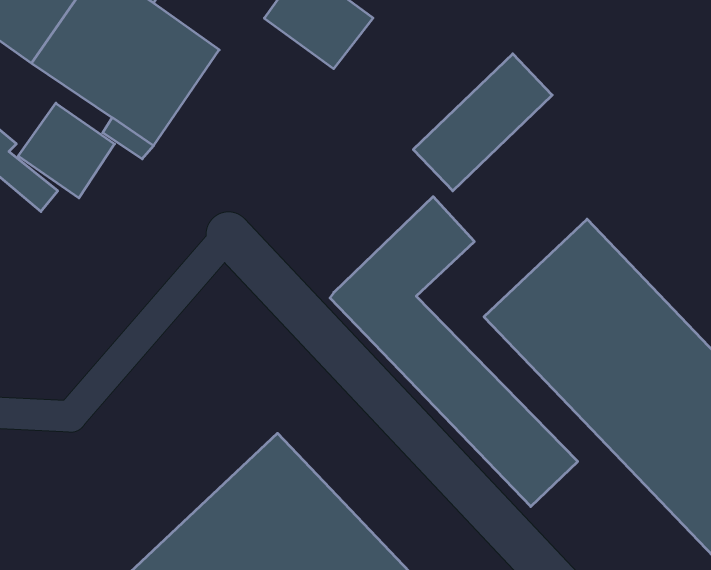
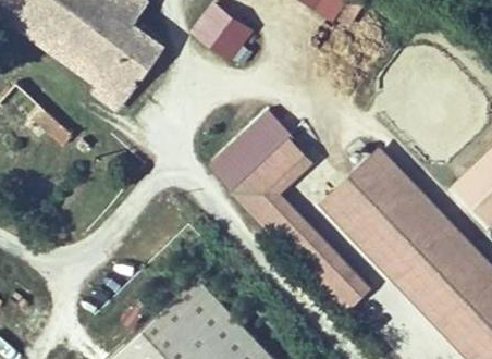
building: [413,54,552,191] -> [209,112,290,191]
building: [18,103,115,198] -> none

